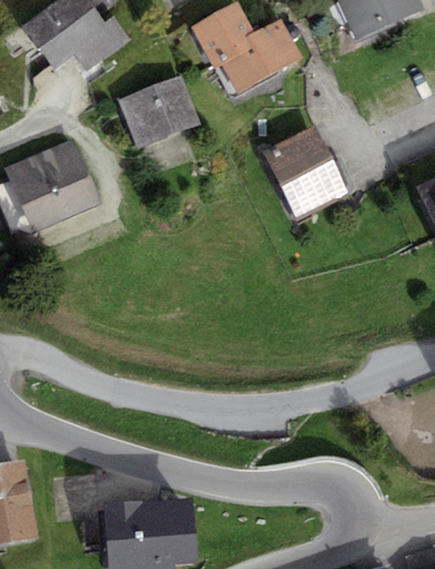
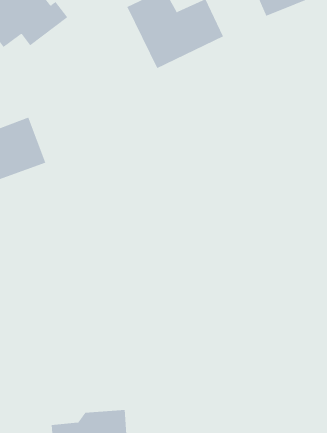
building: [120,77,199,148] -> none
building: [268,131,347,219] -> none

